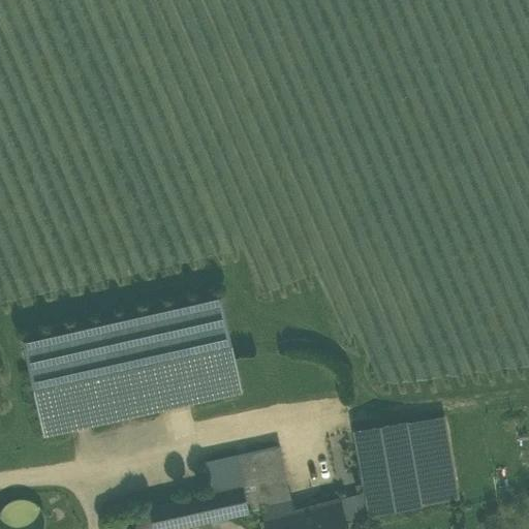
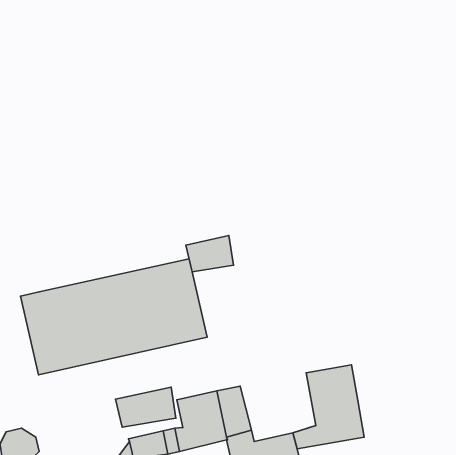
building: none -> [186,236,234,272]
building: [407,417,460,507] -> none
building: none -> [116,387,176,427]

